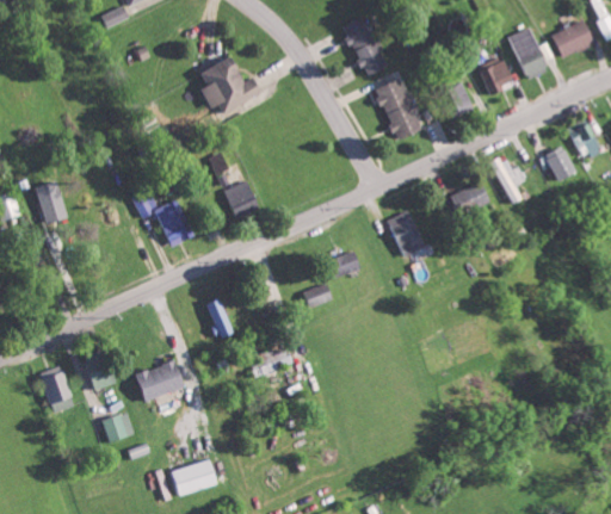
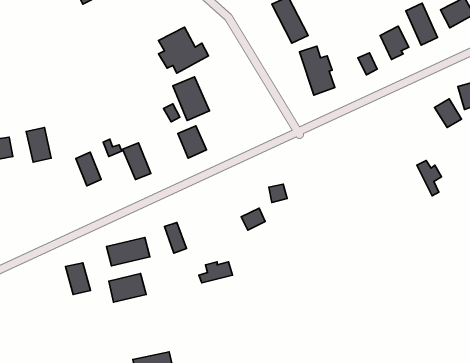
building: none -> [173,77,209,120]
building: [494,160,525,204] -> [417,161,442,196]
building: [452,182,489,213] -> none
building: [388,209,427,256] -> none
building: none -> [76,152,101,186]
building: none -> [106,237,150,266]
building: [38,365,74,413] -> none
building: [100,411,134,442] -> none

